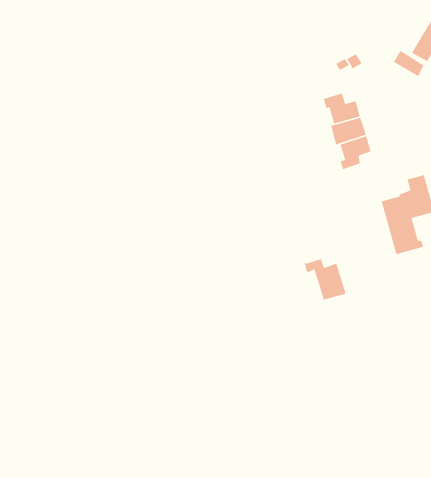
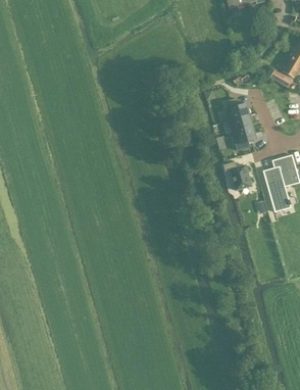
building: [303,258,346,301] -> [222,161,251,190]

